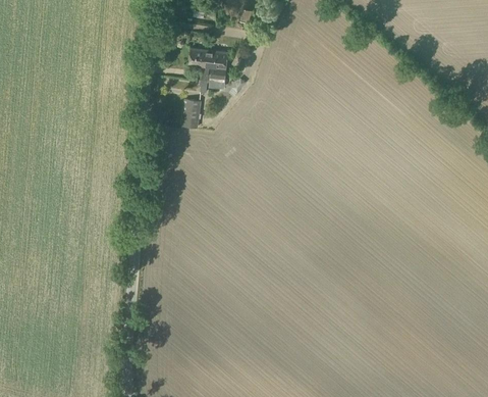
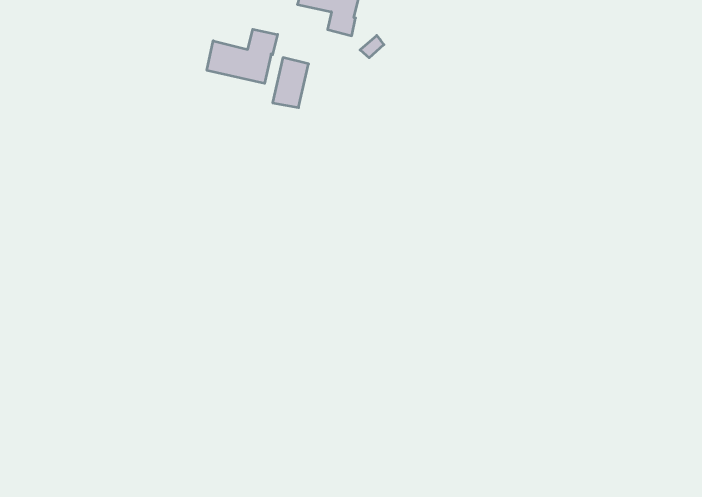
building: none -> [207,29,278,83]

